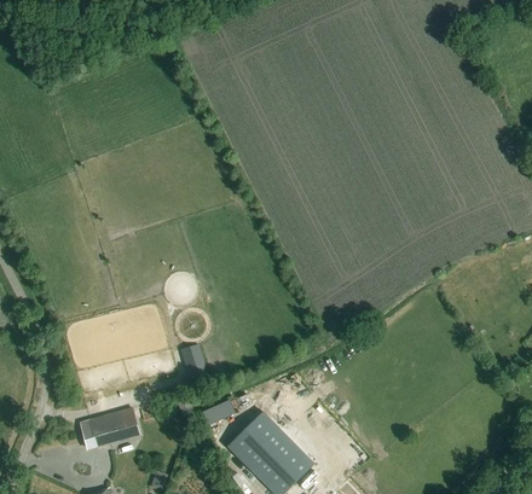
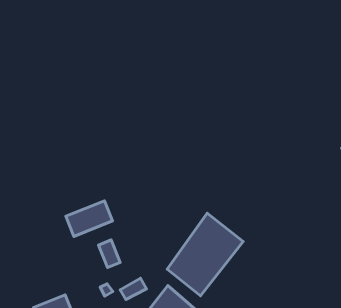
building: none -> [66,201,112,236]
building: none -> [167,213,243,296]

